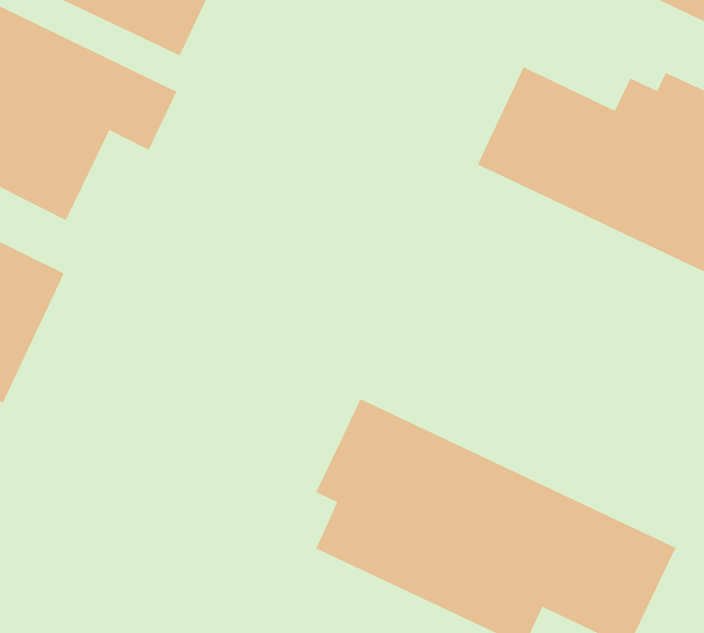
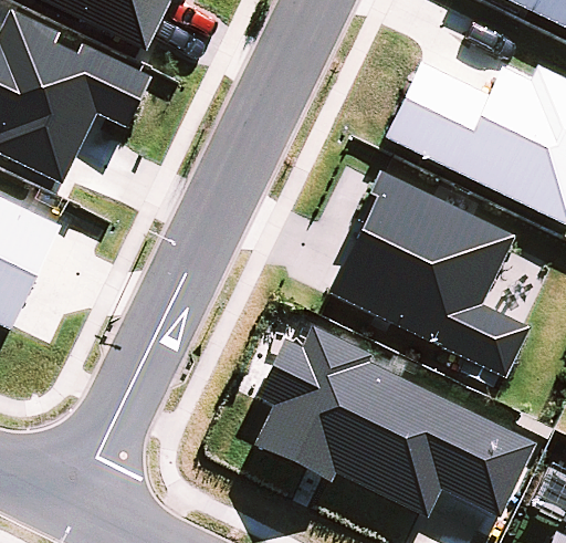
building: none -> [325,171,526,377]

